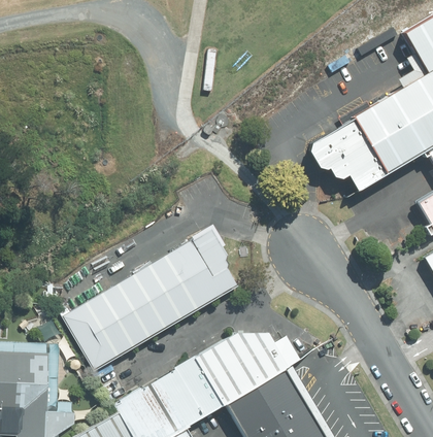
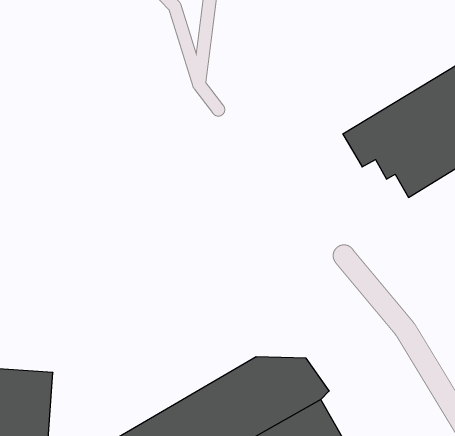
building: [59,229,242,369] -> none

